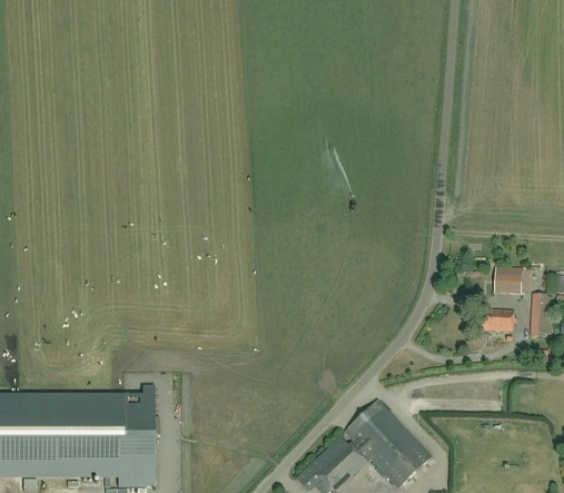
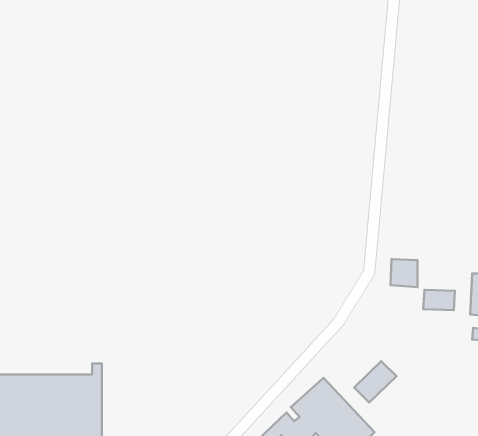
building: [494,266,522,295] -> [390,259,418,287]
building: none -> [354,361,396,402]

